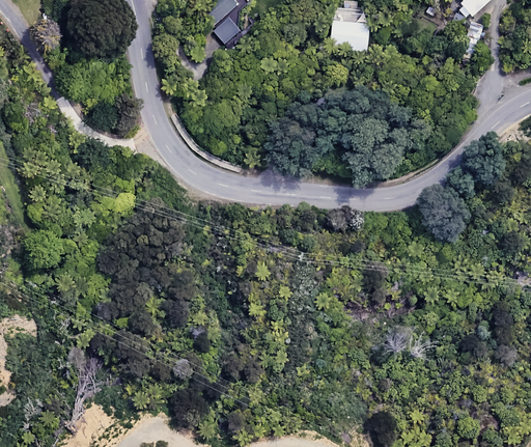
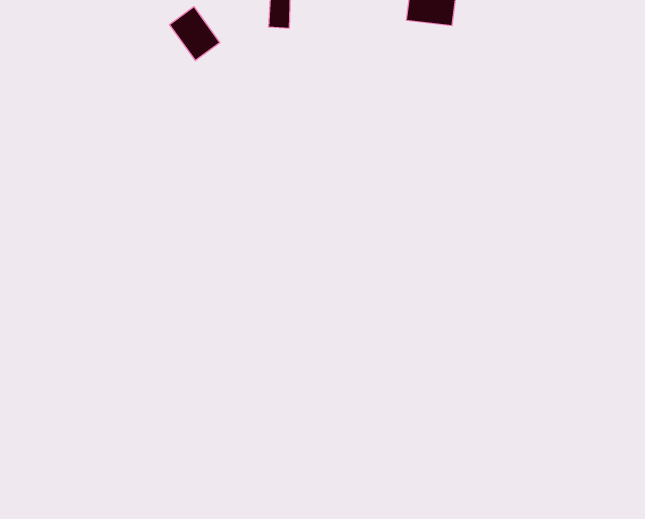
building: none -> [170,7,220,61]

